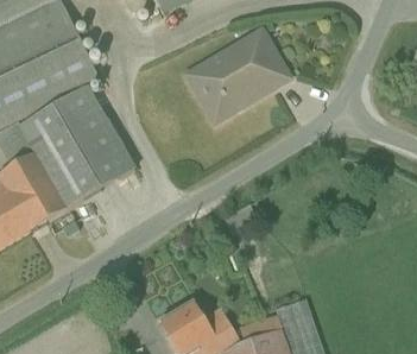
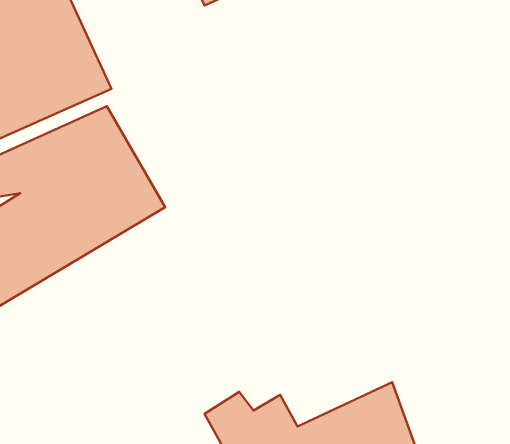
building: [179,26,290,125] -> none

